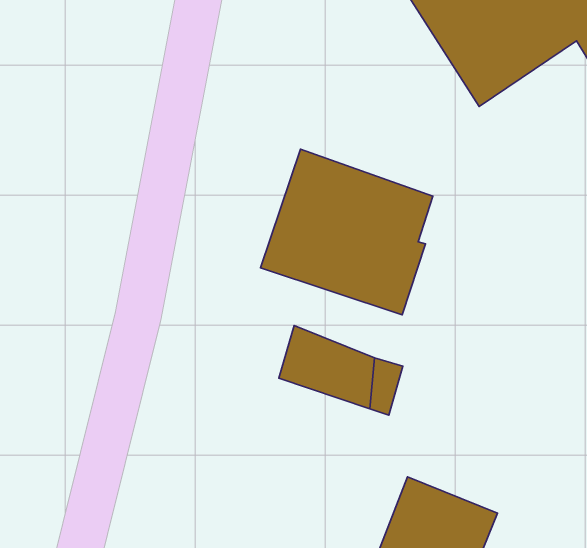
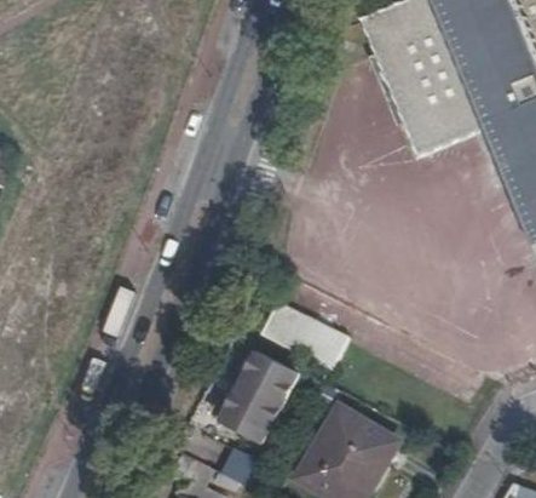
building: [261,149,433,315] -> none
building: none -> [217,348,294,437]

